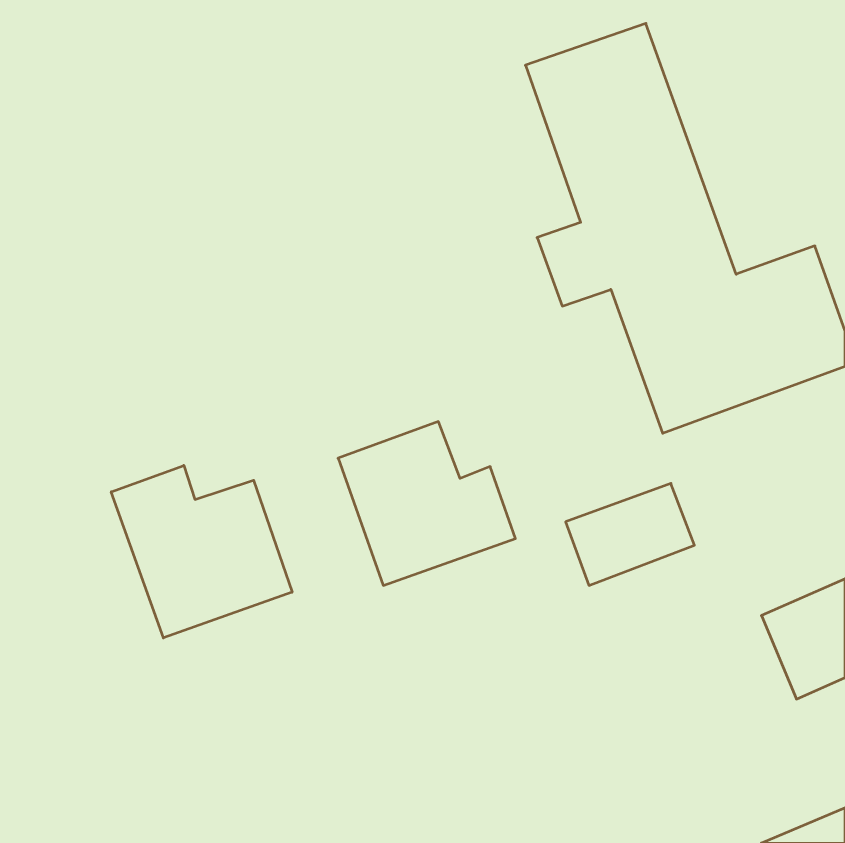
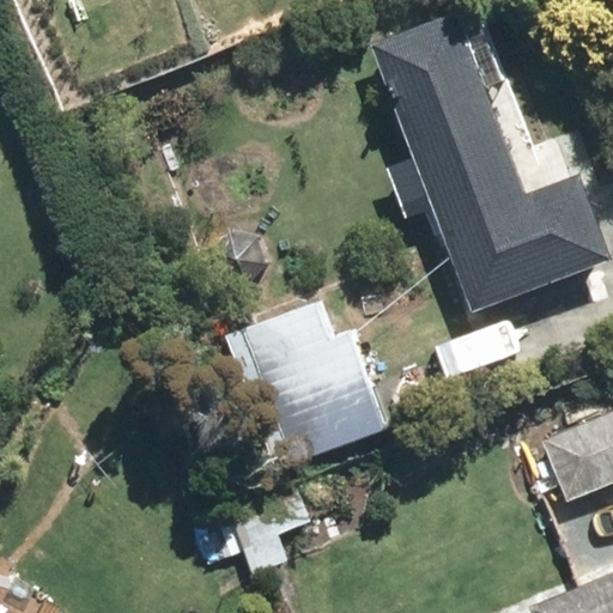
building: [111,465,292,638] -> none

